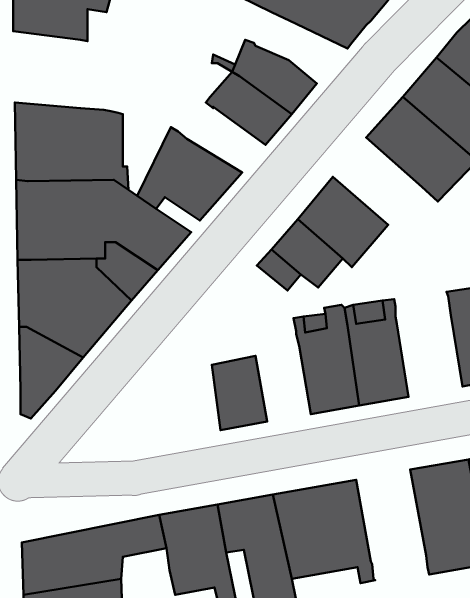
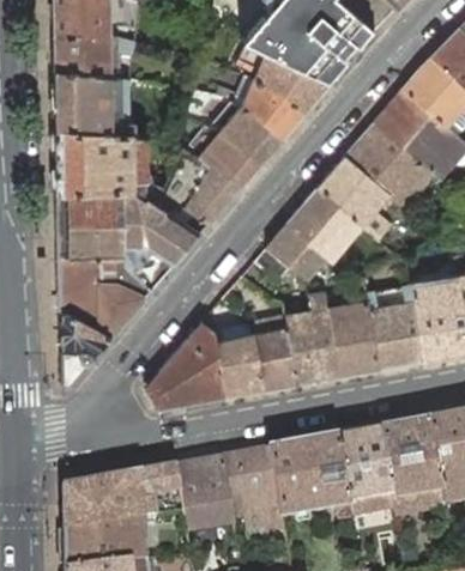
building: none -> [255,50,331,109]
building: none -> [56,66,137,132]
building: none -> [192,124,264,182]
building: none -> [319,153,394,238]
building: none -> [370,284,425,366]
building: none -> [147,320,227,406]
building: none -> [255,324,301,387]
building: none -> [338,426,397,516]

